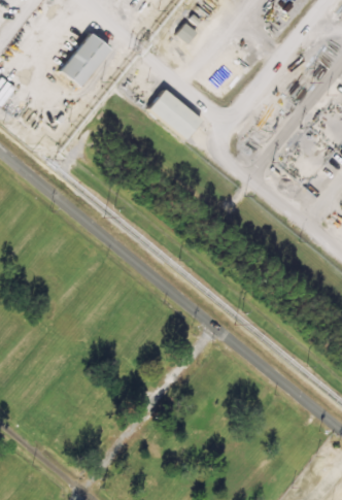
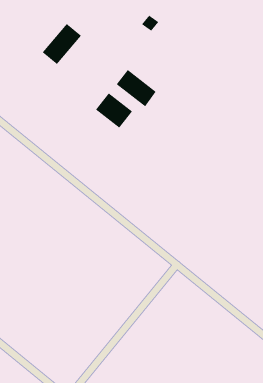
building: none -> [95,92,133,129]

